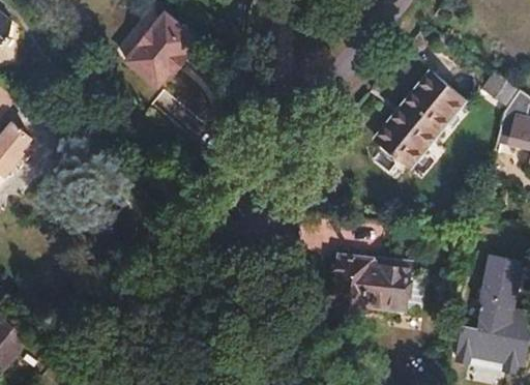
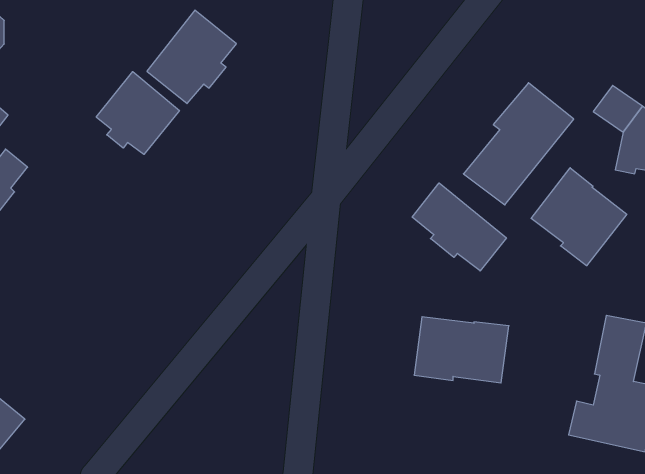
building: none -> [96,72,179,154]
building: none -> [531,168,627,266]
building: none -> [412,183,506,271]

